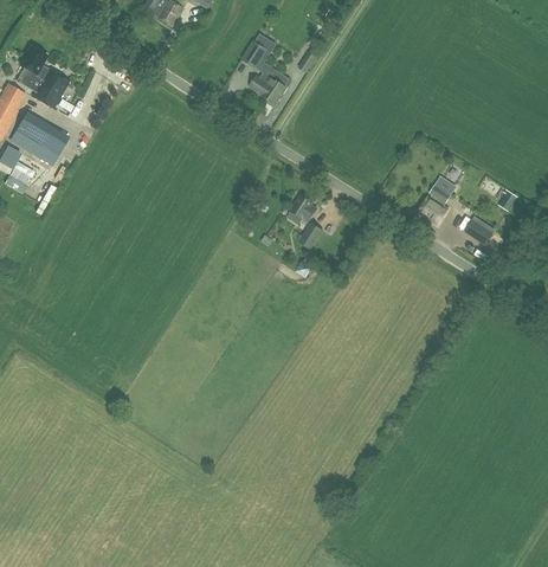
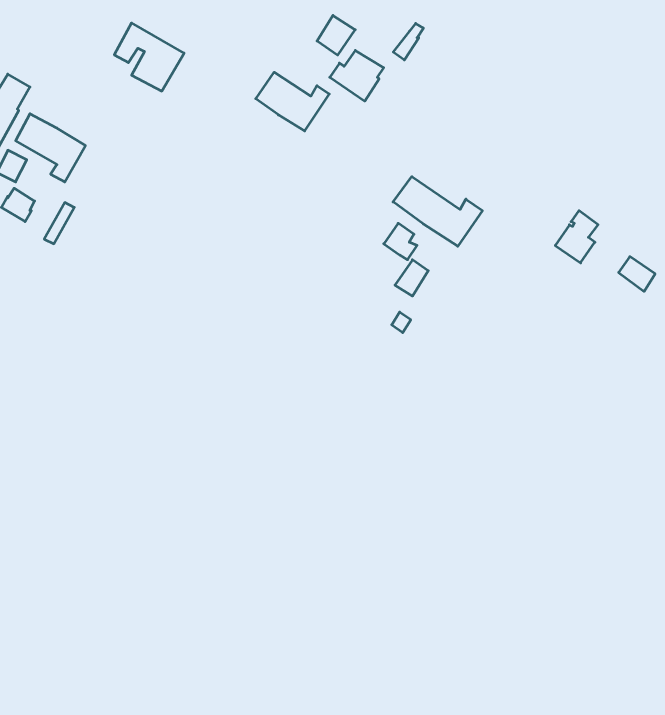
building: [18,57,70,108] -> [114,23,184,91]
building: none -> [256,72,329,131]
building: none -> [393,177,482,246]

